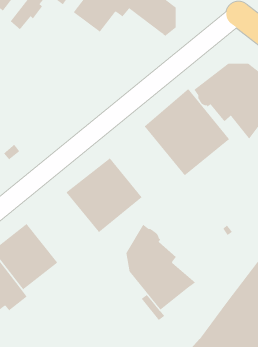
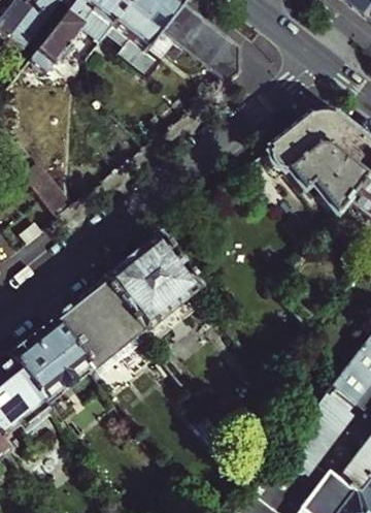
building: [144,88,230,176] -> none
building: none -> [54,280,144,376]
building: [126,224,196,310] -> none

